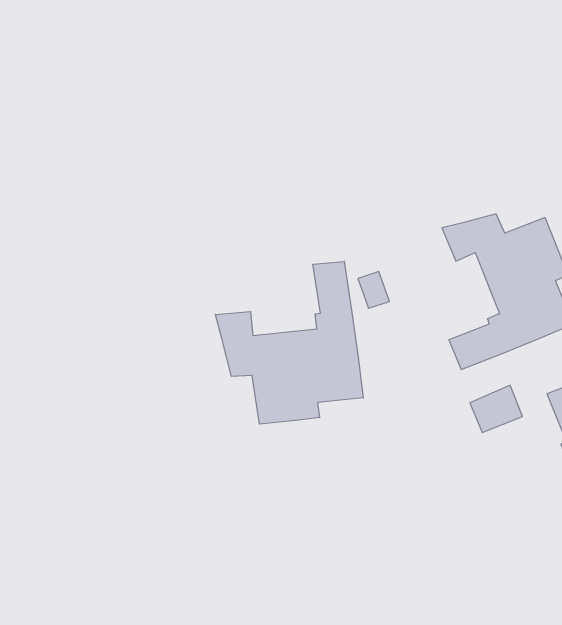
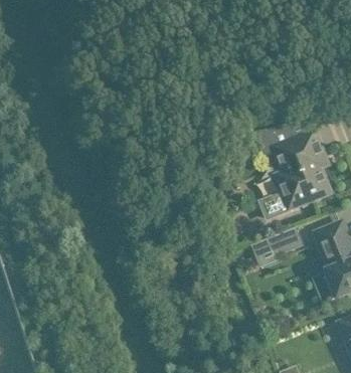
building: [215,261,363,424] -> none

